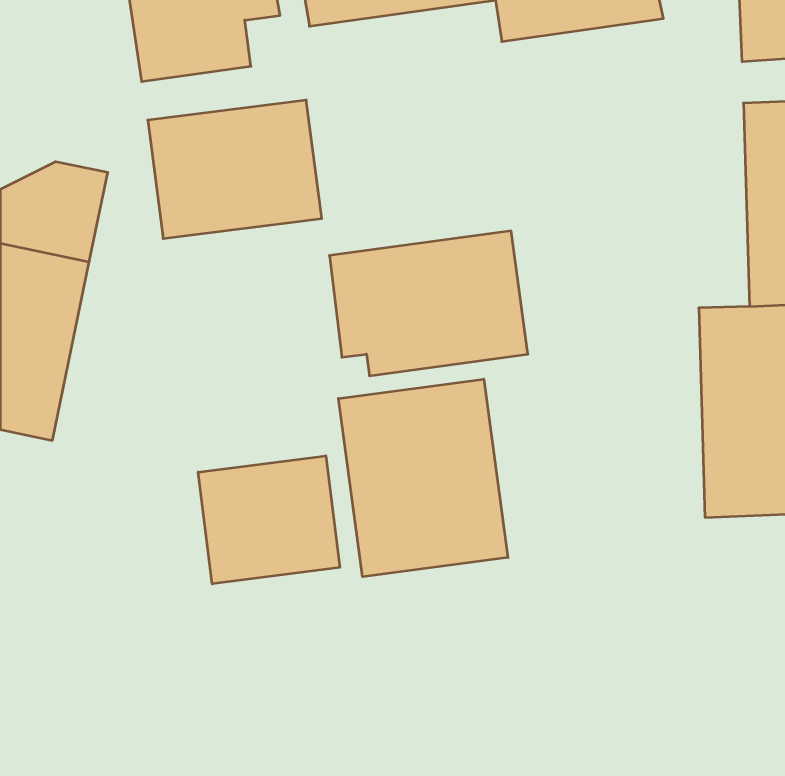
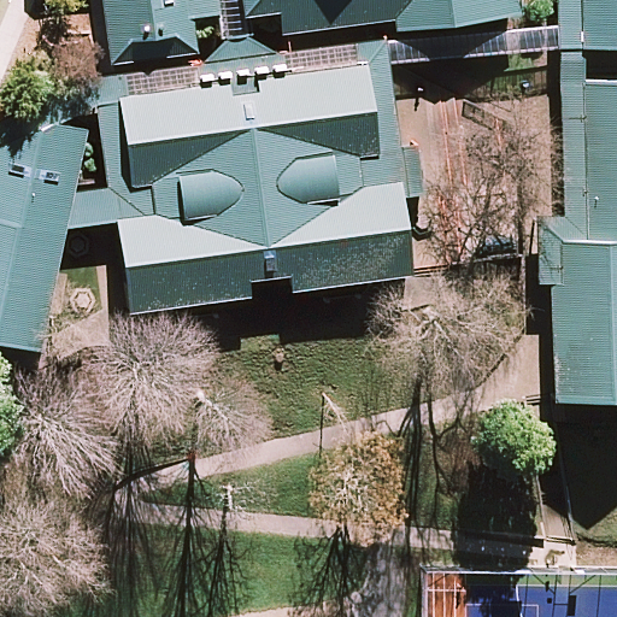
building: none -> [241,61,378,171]
building: none -> [117,200,269,315]
building: [338,379,508,577] -> none
building: [198,456,340,584] -> none

